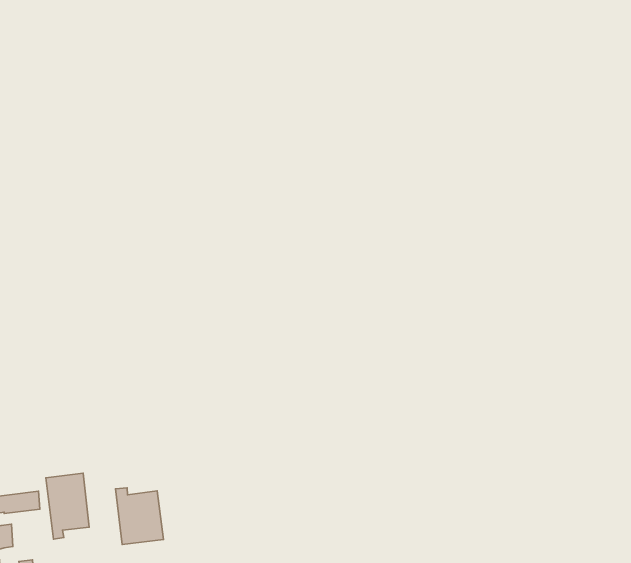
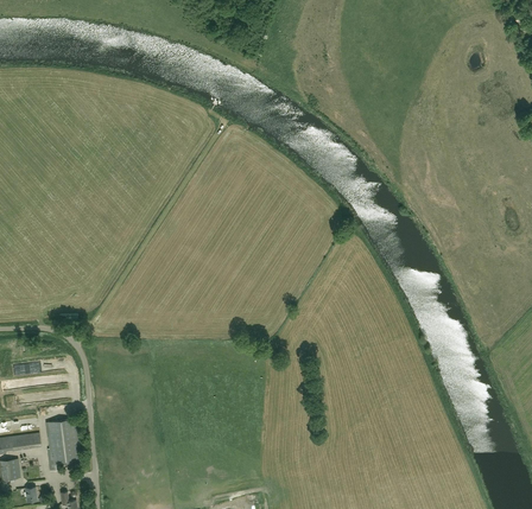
building: [116,488,163,545] -> none

